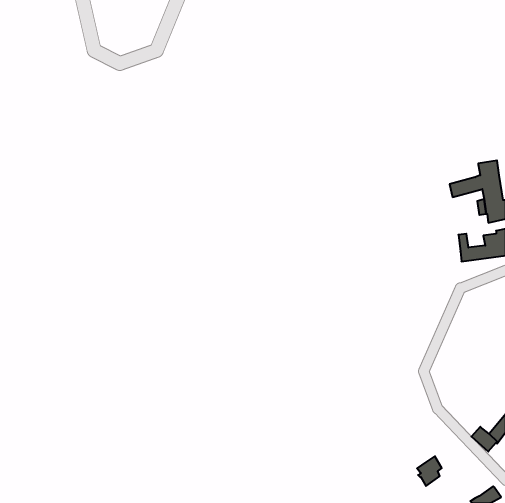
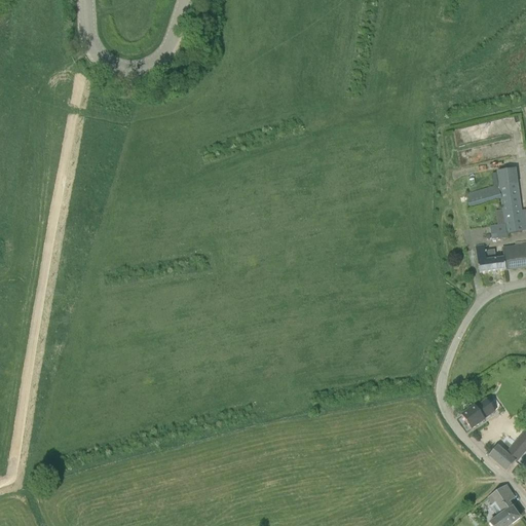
building: none -> [462,399,494,427]
building: [417,456,442,486] -> [489,484,515,515]

